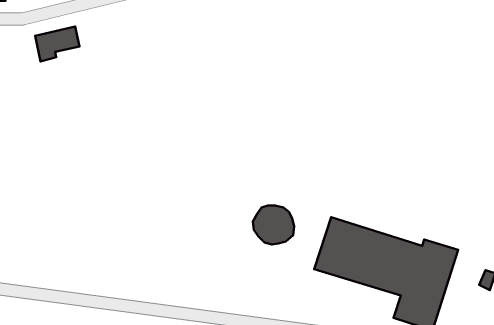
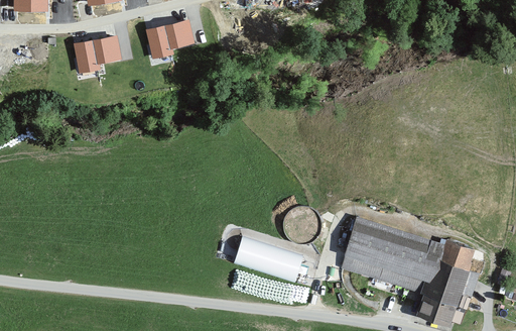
building: none -> [149,20,190,56]
building: none -> [232,234,302,282]

